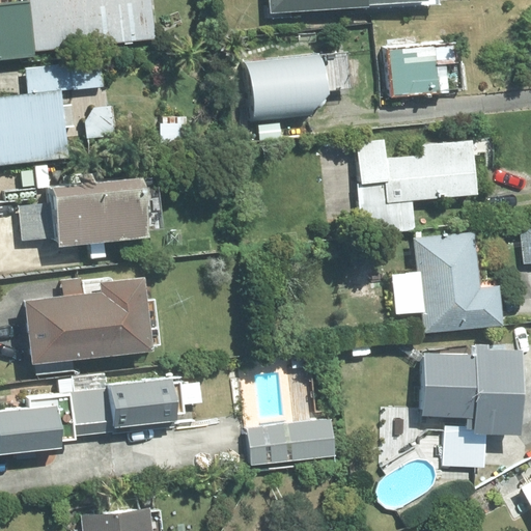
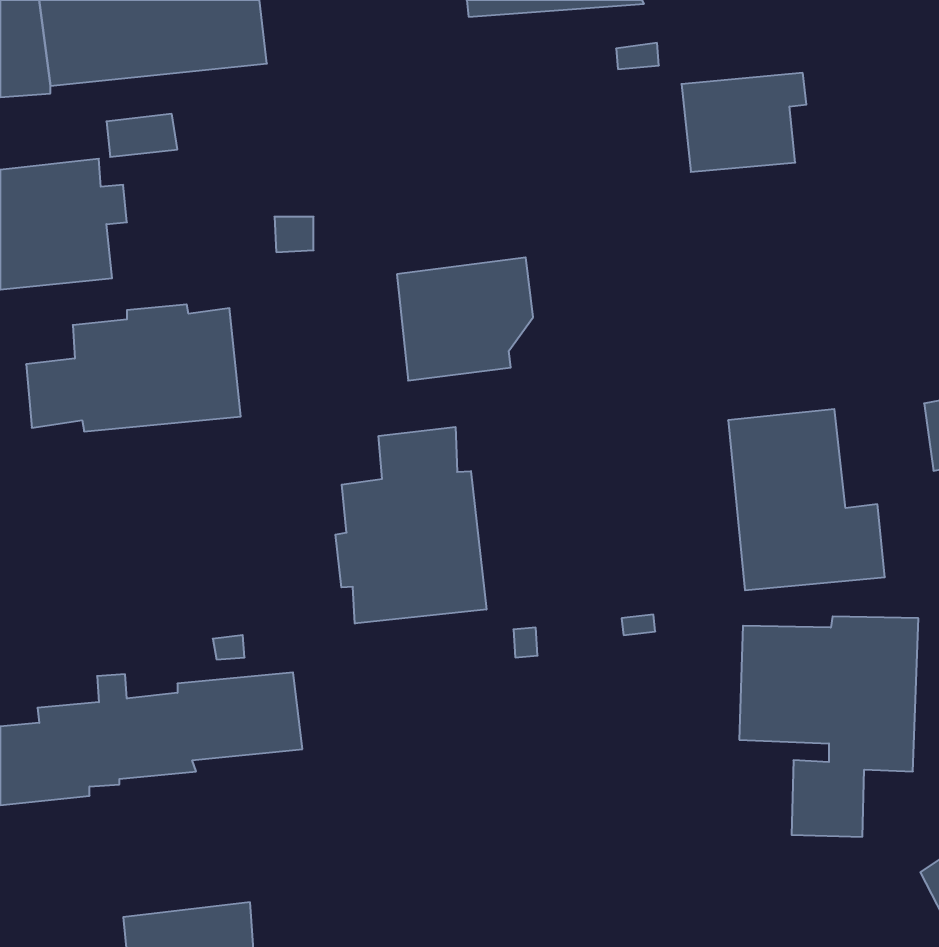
building: [247,56,323,124] -> [397,257,533,381]
building: [358,140,477,236] -> none
building: none -> [335,427,486,624]
building: [21,276,161,363] -> none
building: [250,418,337,467] -> none

